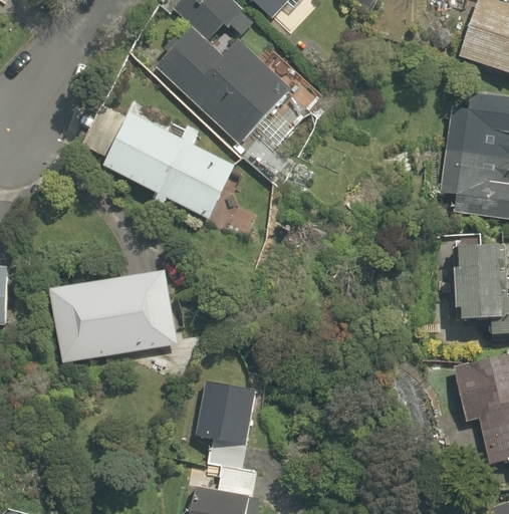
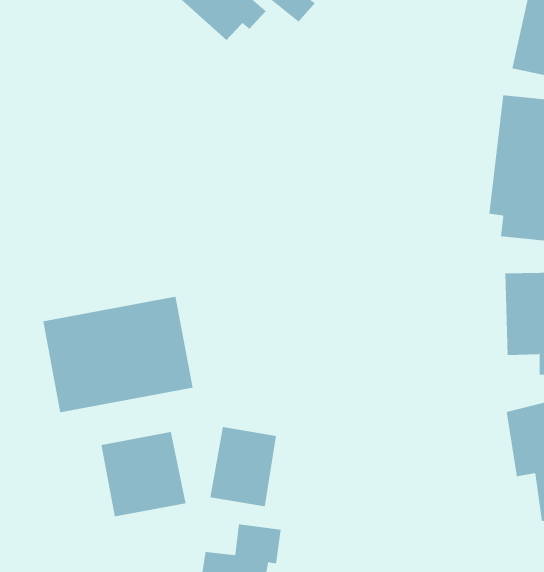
building: [155,26,293,145] -> none
building: [91,106,237,222] -> none
building: none -> [101,431,186,517]

